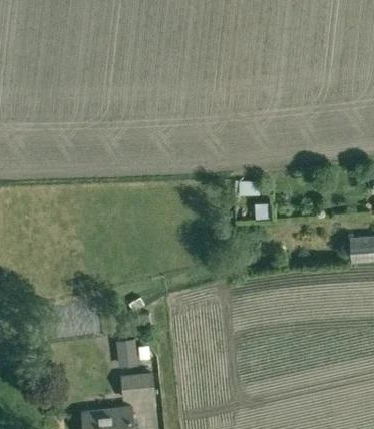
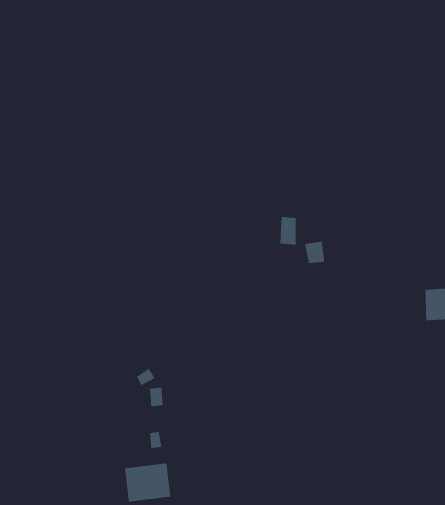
building: [116,340,138,369] -> none

